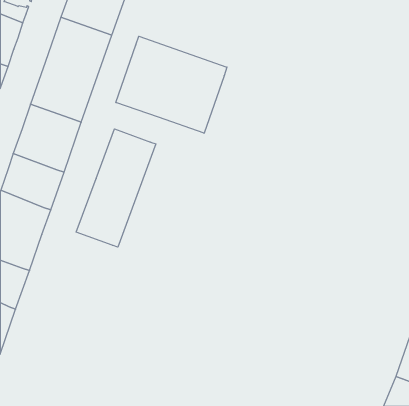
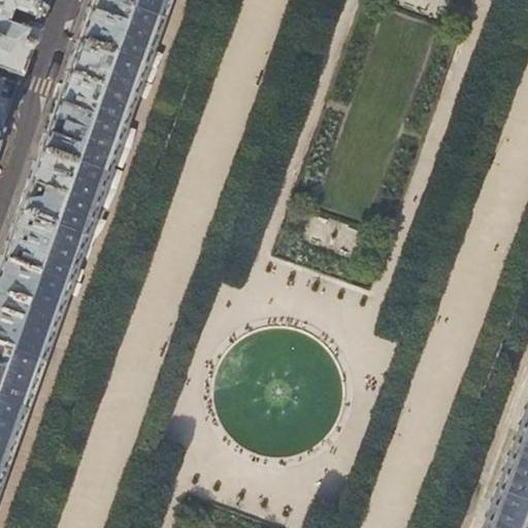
building: [116,36,227,133] -> none
building: [76,129,156,247] -> none

